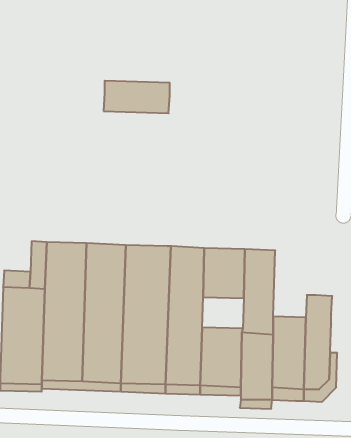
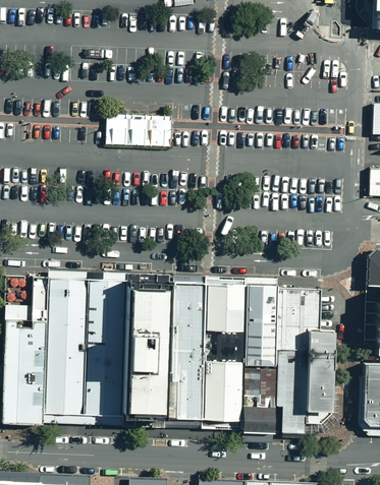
building: none -> [275,283,319,350]
building: none -> [204,329,246,361]

